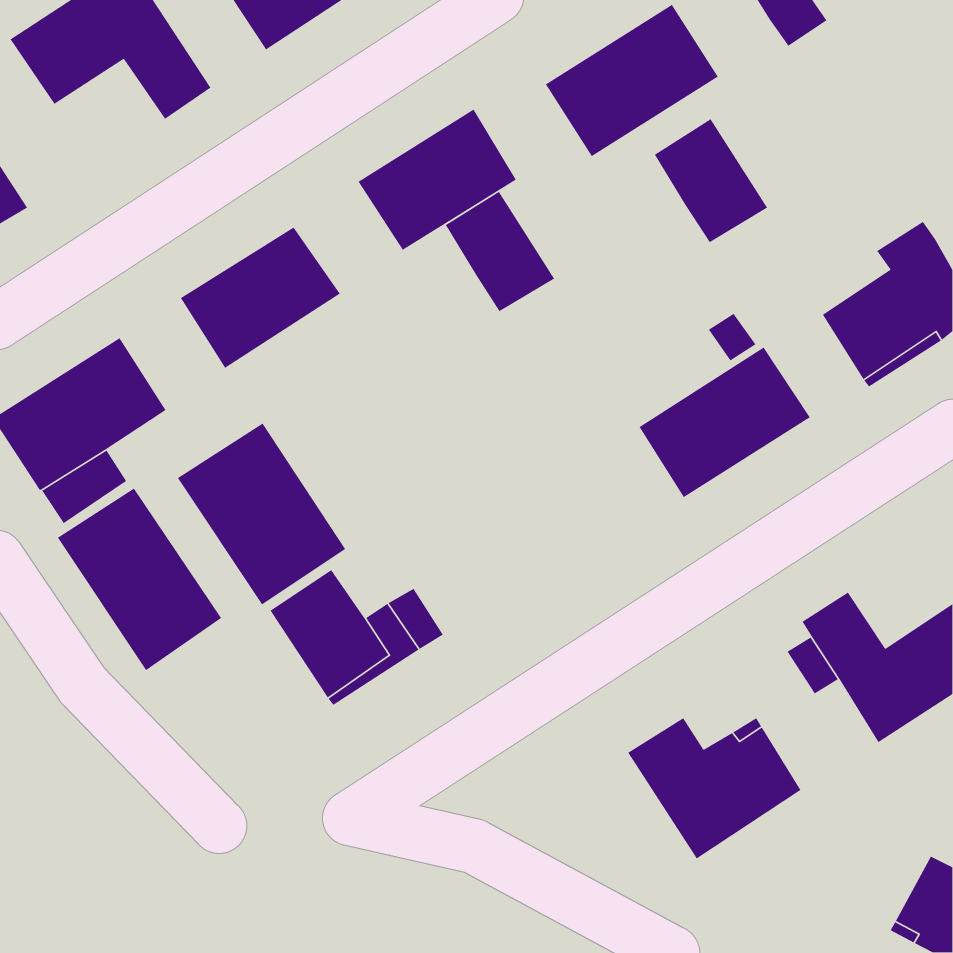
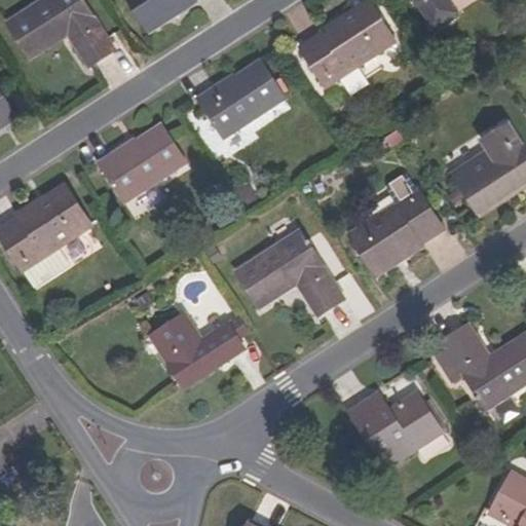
building: [654,118,768,243] -> none
building: [445,191,555,312] -> none
building: none -> [236,230,344,314]
building: [177,422,346,605] -> none
building: [57,488,222,671] -> none

